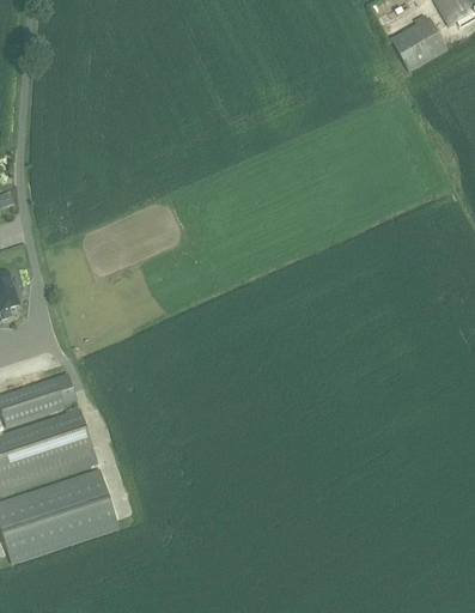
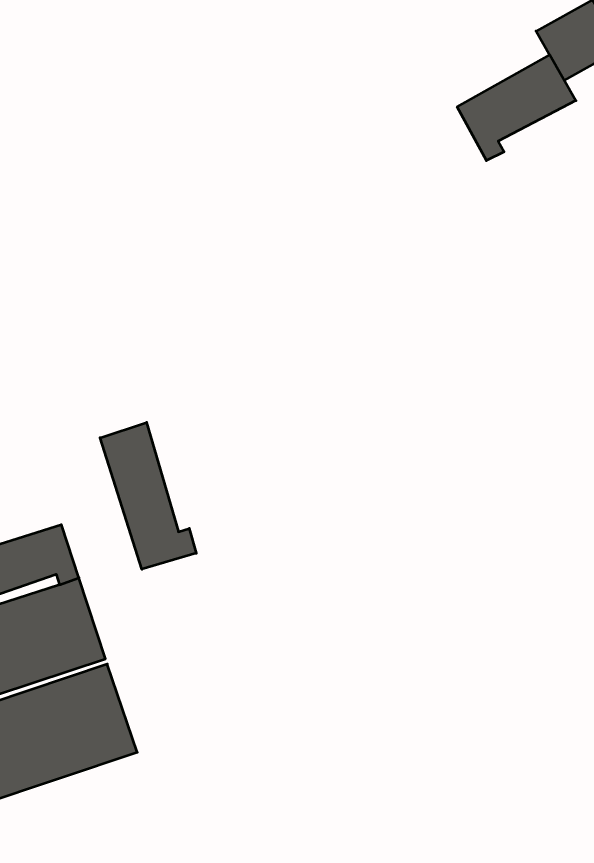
building: none -> [457,55,576,161]
building: none -> [100,422,196,569]

